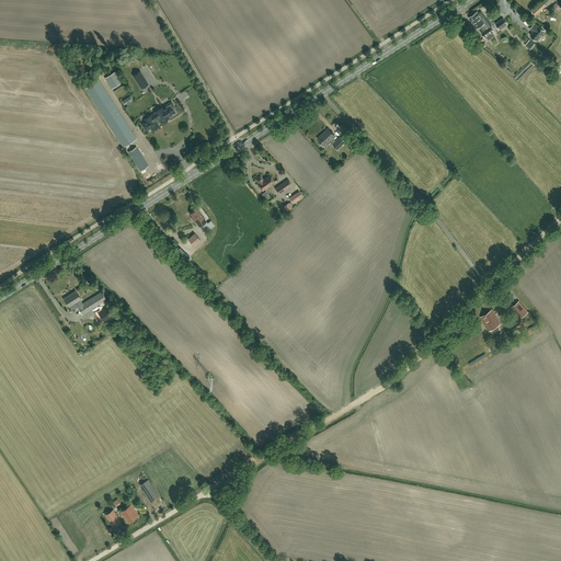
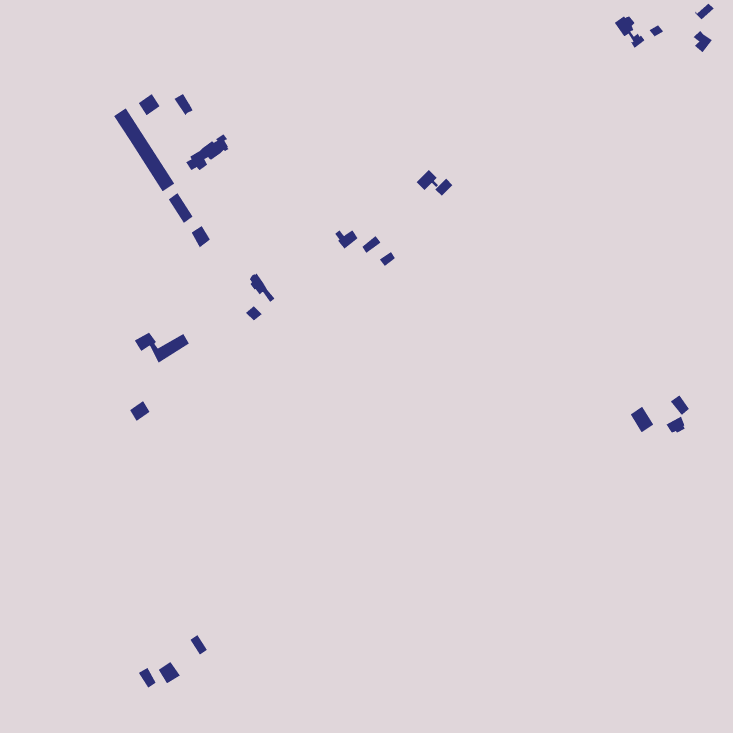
building: [64,291,106,316] -> [134,332,190,363]

